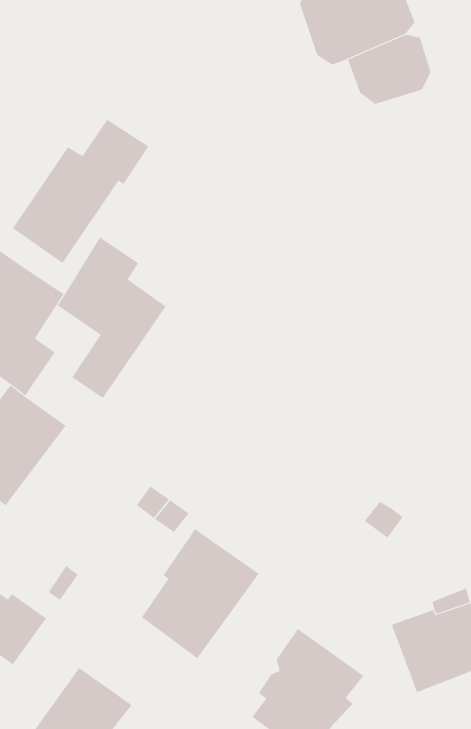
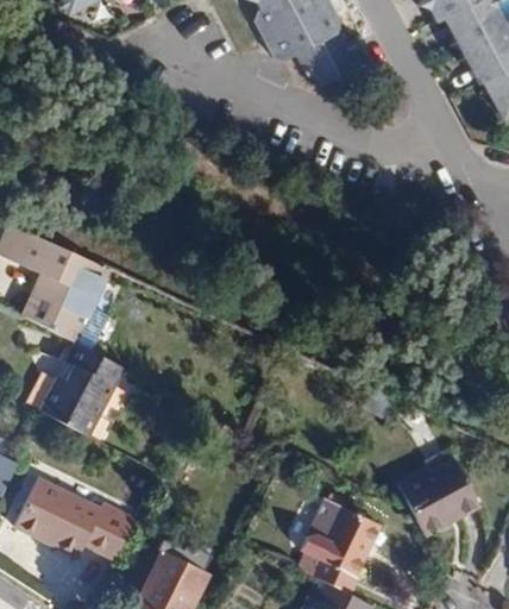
building: [12,119,149,264] -> none
building: [57,236,167,399] -> none
building: [141,528,260,659] -> none

